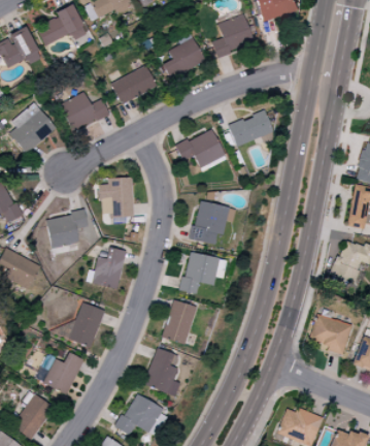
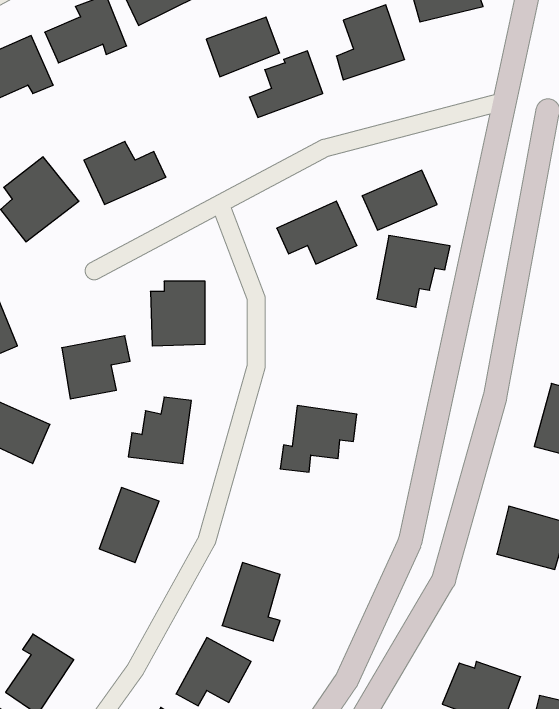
building: [111,67,156,103] -> [206,17,280,77]
building: [191,201,235,245] -> [377,236,450,307]
building: [162,299,196,345] -> none
building: [36,352,83,394] -> none

